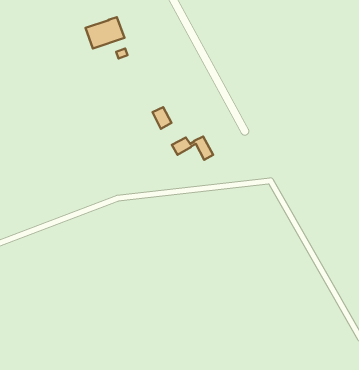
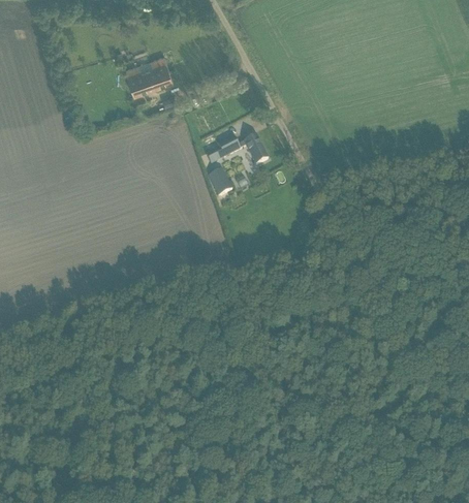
building: [172,137,213,160] -> [216,134,268,163]

